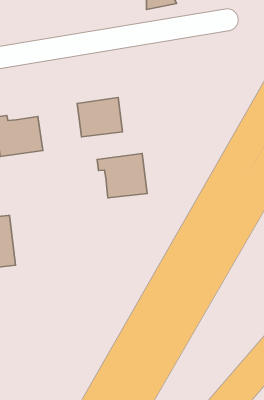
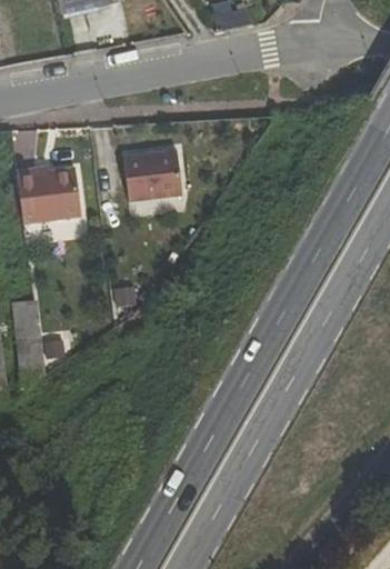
building: [97,153,147,198] -> none

